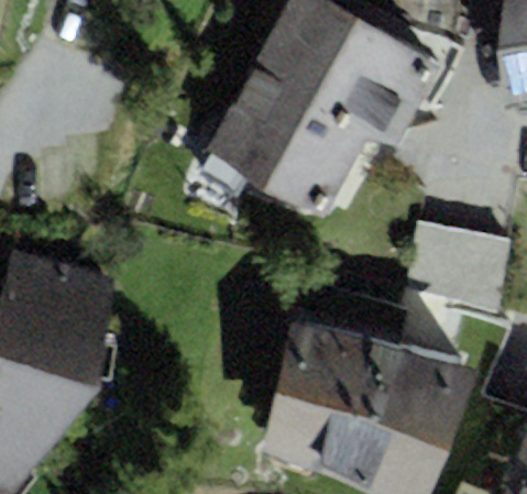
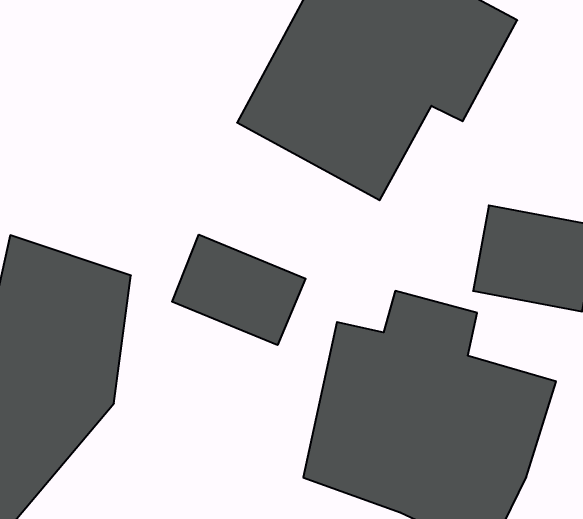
building: none -> [172,235,306,345]

